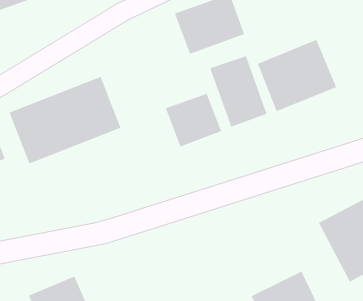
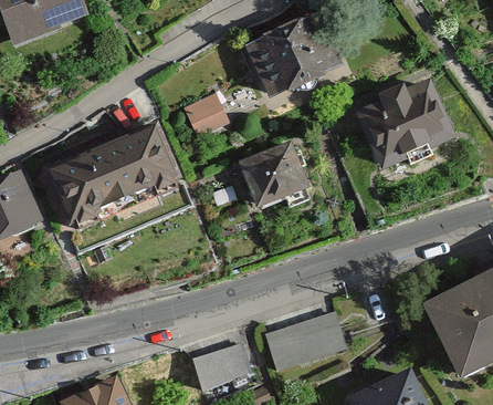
building: [209,55,268,128] -> none
building: none -> [183,95,231,138]
building: none -> [264,310,348,372]
building: none -> [190,341,254,394]

